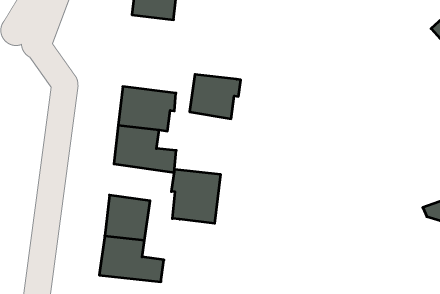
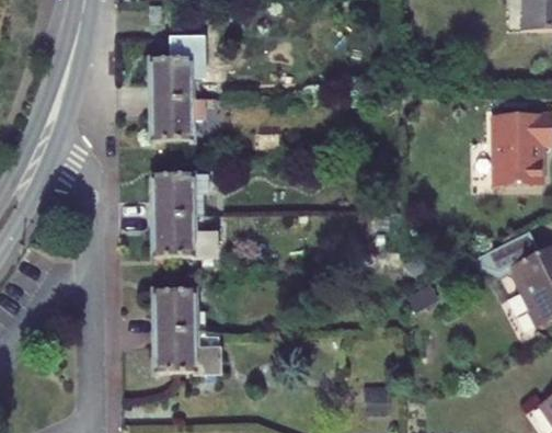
building: [190,74,241,119] -> [150,99,198,140]
building: [171,169,220,223] -> none

